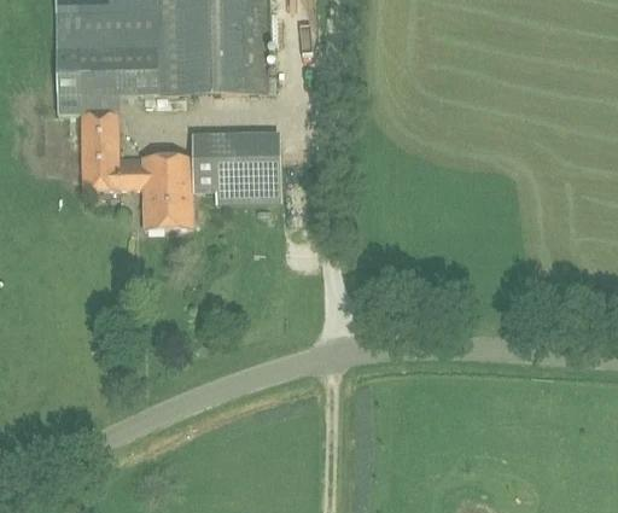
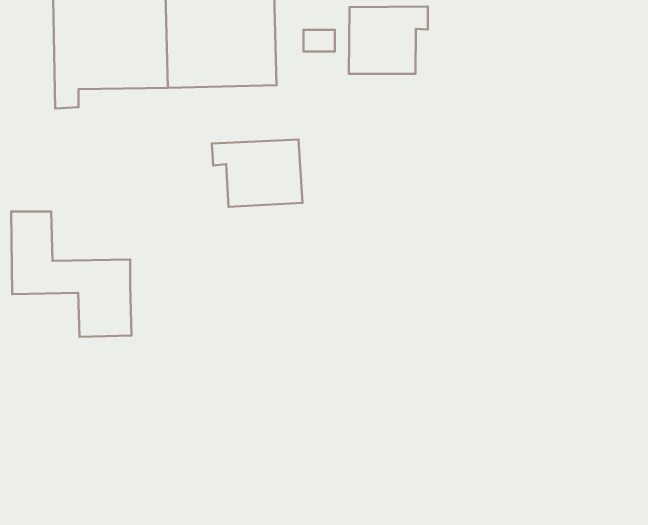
building: none -> [349,7,428,74]
building: [80,111,192,228] -> [11,212,131,337]

